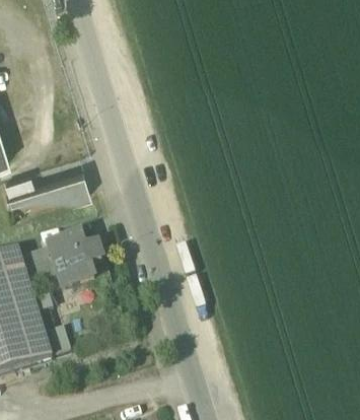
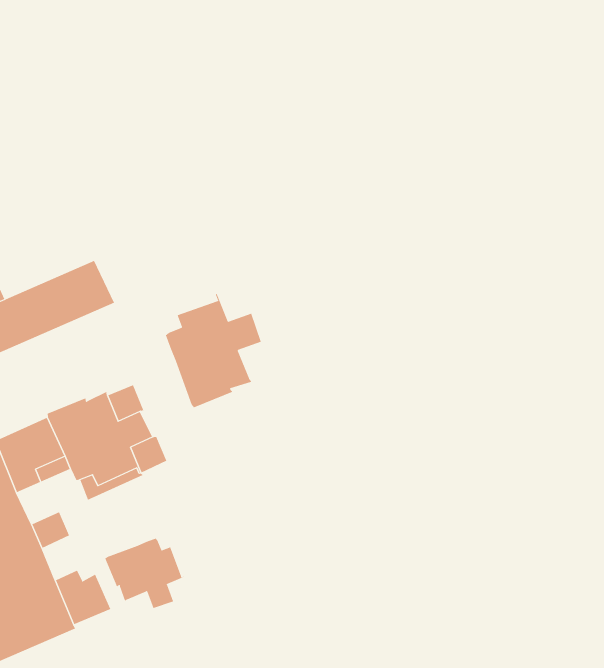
building: none -> [165,293,261,408]
building: none -> [105,538,187,609]

